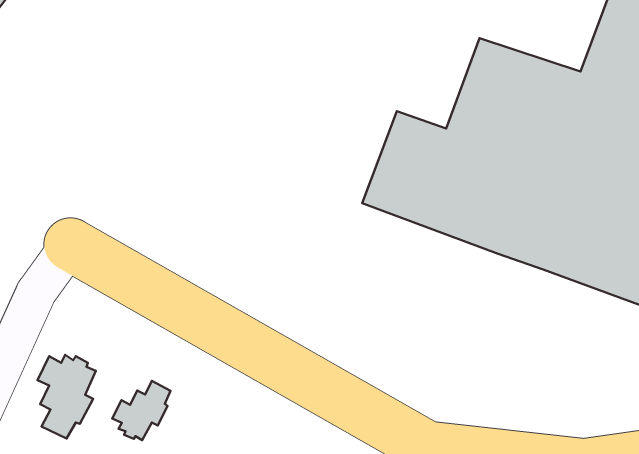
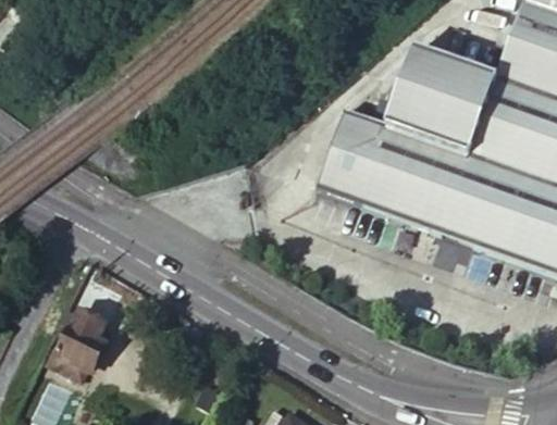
building: [112,381,170,440] -> none

